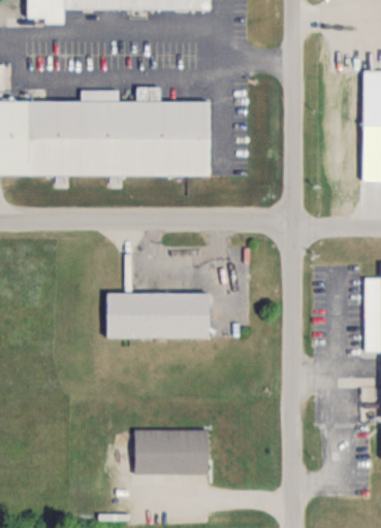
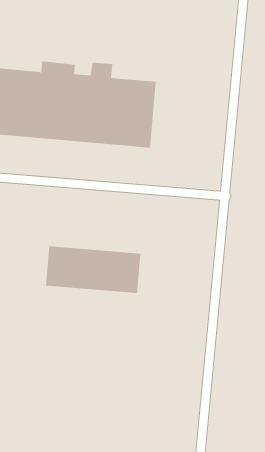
building: [134,430,208,474] -> none

